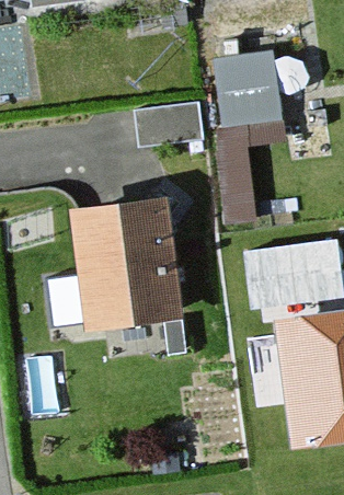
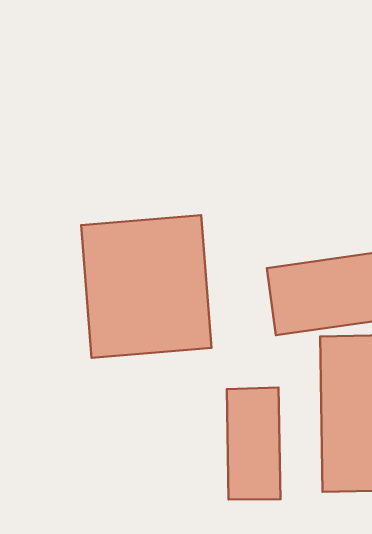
building: [209,50,278,219] -> none
building: none -> [227,388,281,499]

